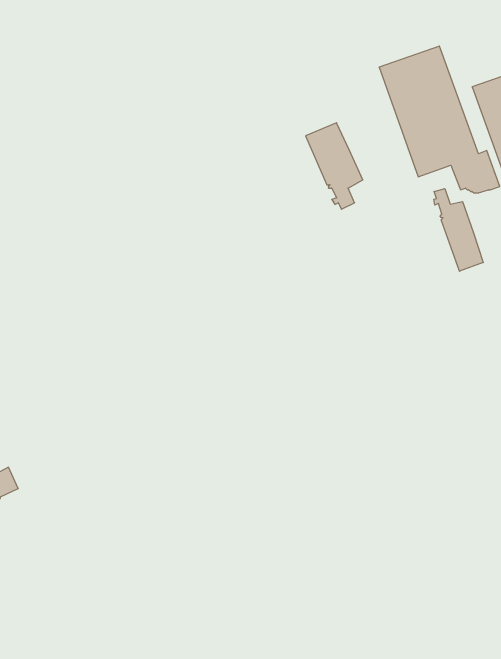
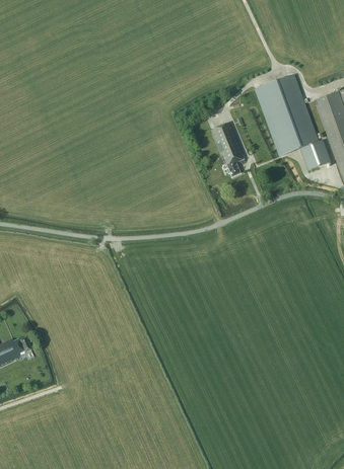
building: [434,189,483,271] -> none

